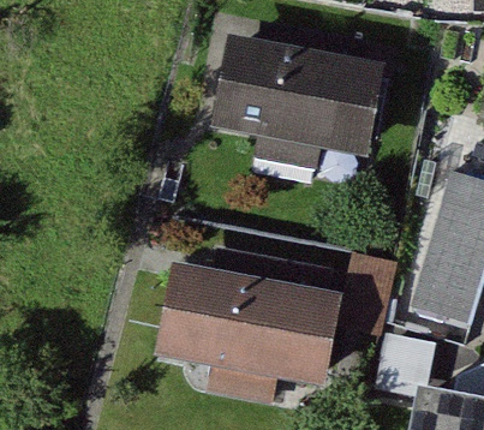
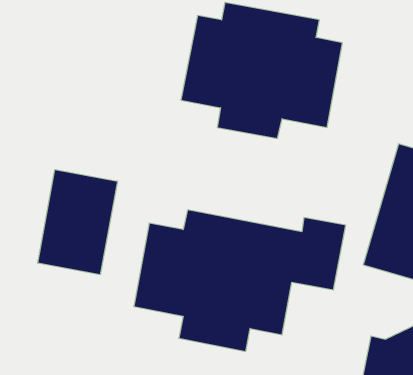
building: none -> [38,170,117,275]

